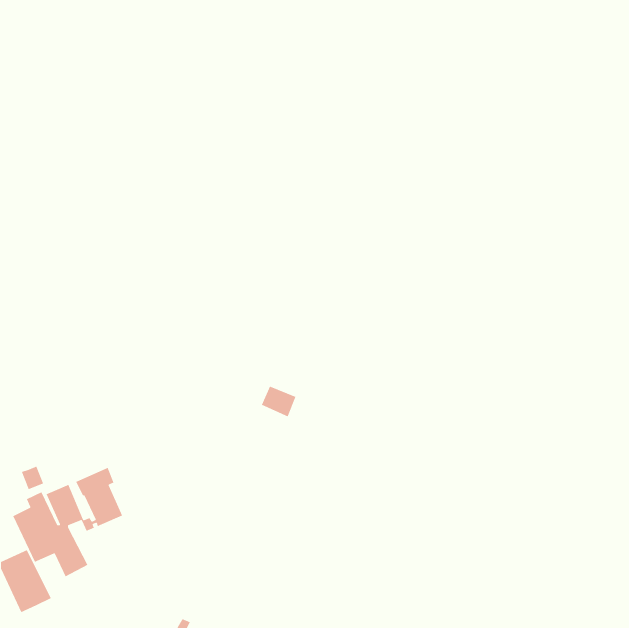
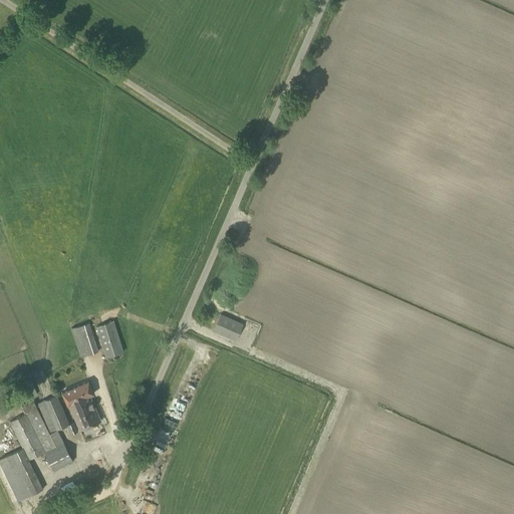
building: none -> [95,322,122,358]
building: none -> [71,323,97,358]

